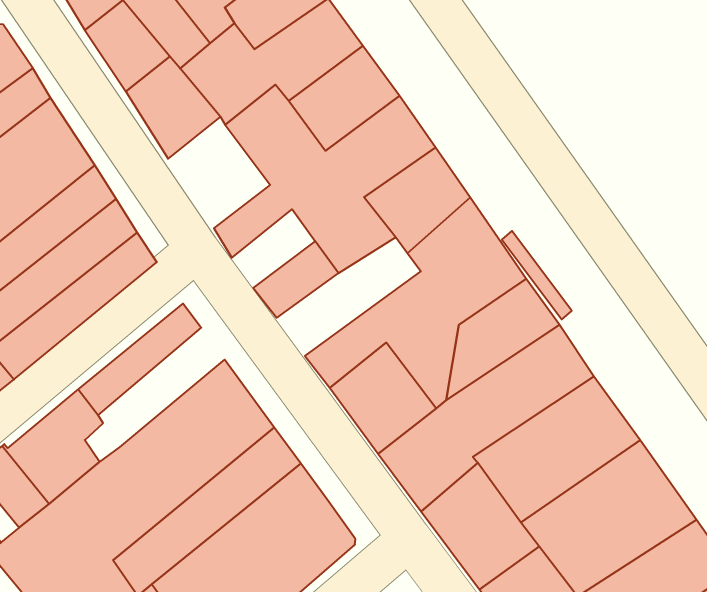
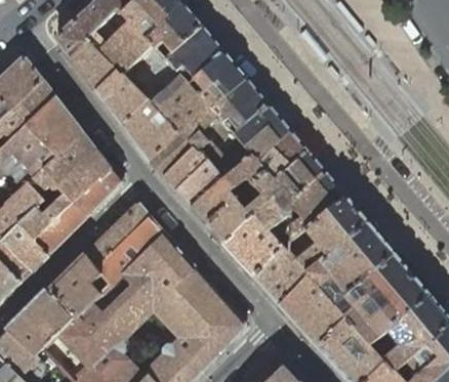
building: none -> [123,99,180,161]
building: none -> [163,146,208,192]
building: none -> [191,157,268,226]
building: none -> [97,216,164,286]

